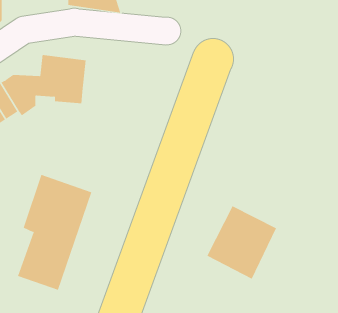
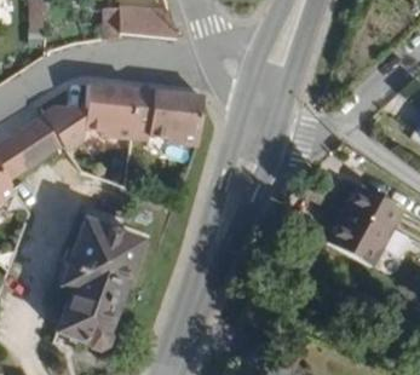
building: none -> [133,91,205,145]
building: [206,206,277,279] -> [327,188,403,267]

